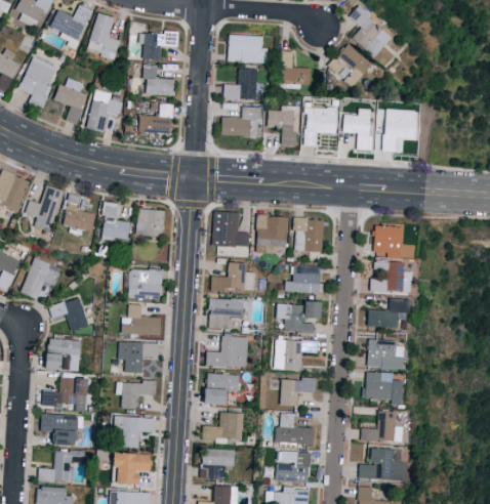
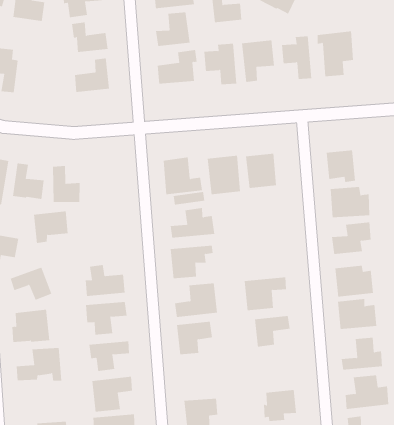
building: [87,100,123,132] -> none
building: [137,208,165,237] -> none
building: [286,266,321,293] -> none
building: [128,268,162,297] -> [33,211,69,243]
building: [278,300,320,332] -> none
building: [202,412,243,444] -> none
building: [276,413,314,445] -> none
building: [40,414,84,445] -> none

